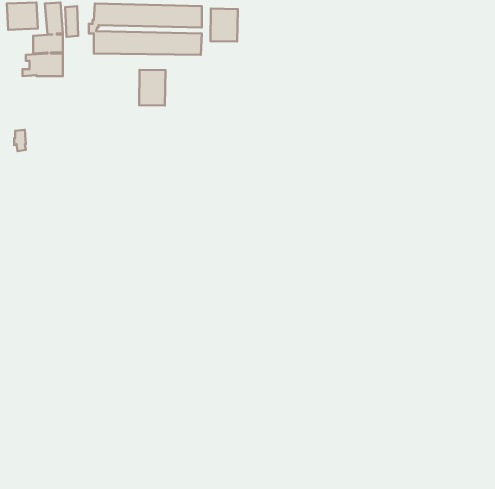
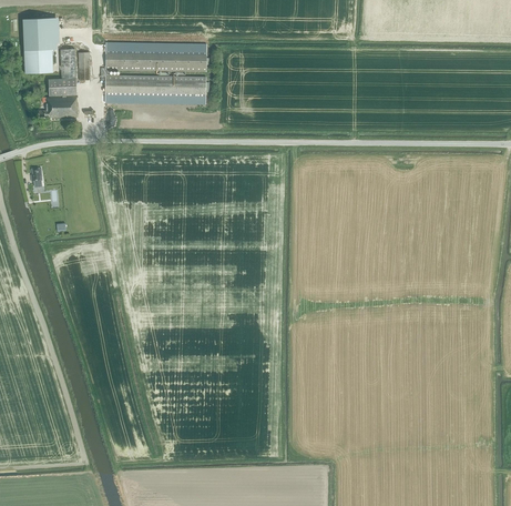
building: [211,9,238,42] -> none
building: [139,70,165,106] -> none

